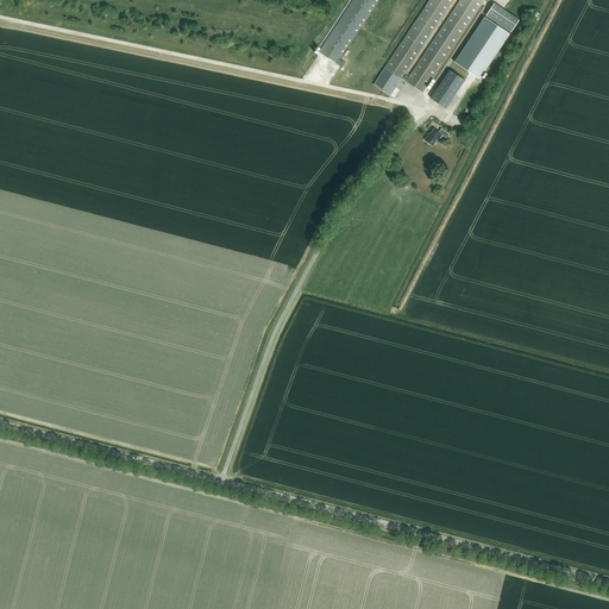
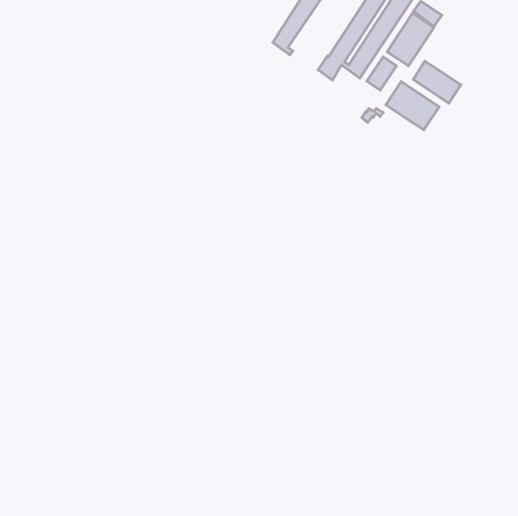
building: none -> [413,61,461,103]
building: none -> [386,82,439,130]

